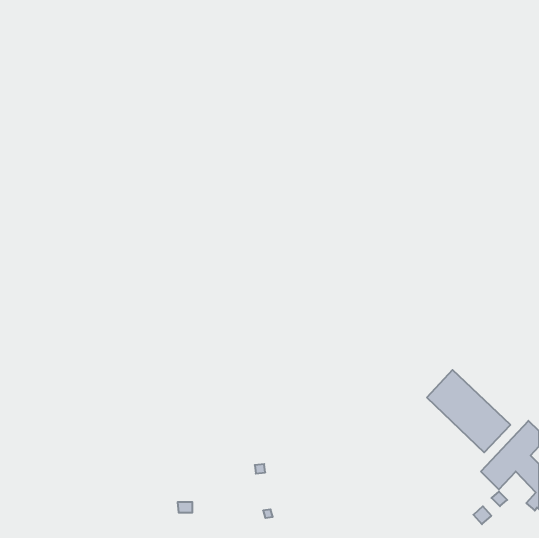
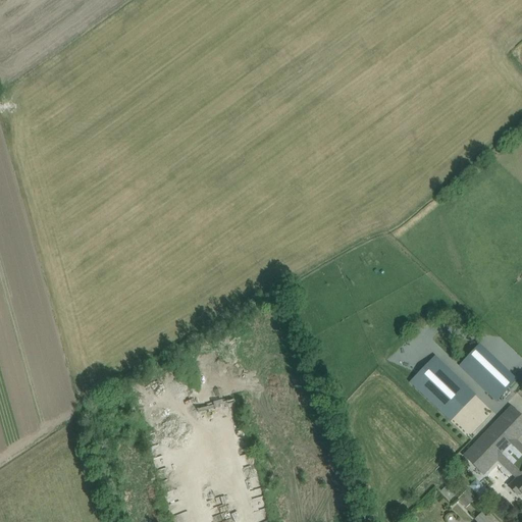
building: none -> [458,343,515,400]

